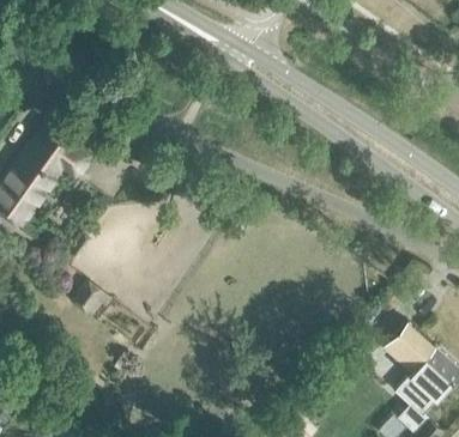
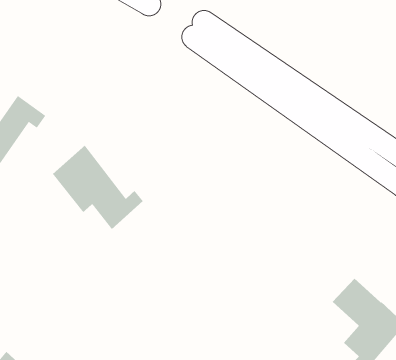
building: none -> [52,145,143,230]

